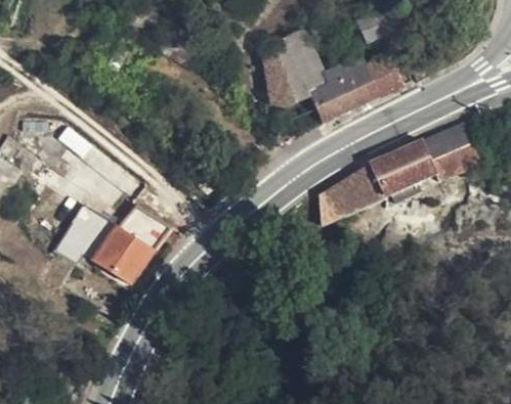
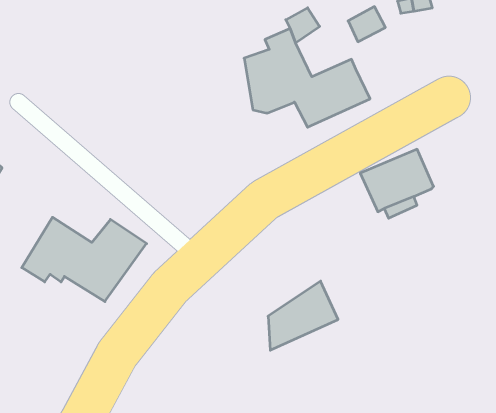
building: [363,52,407,94] -> none
building: [420,121,484,183] -> none
building: [317,164,383,228] -> [268,281,338,350]

